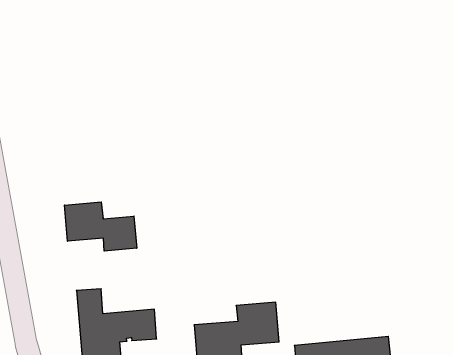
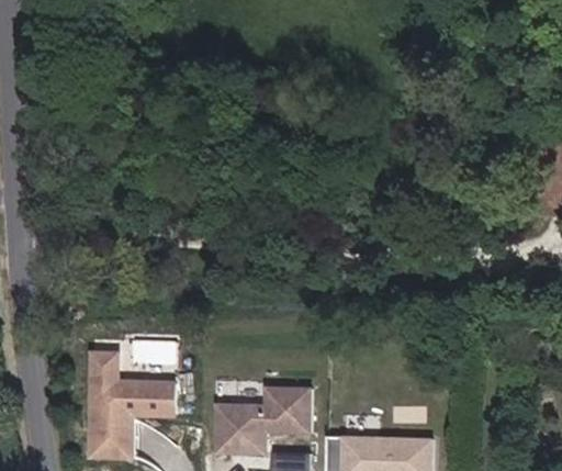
building: [65,202,137,251] -> none

